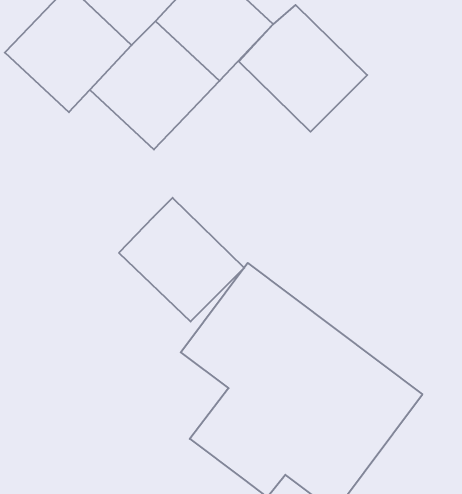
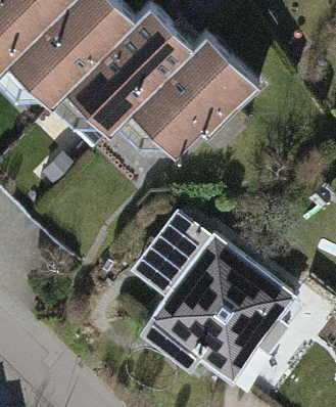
building: [119,198,244,322] -> [137,74,223,159]

